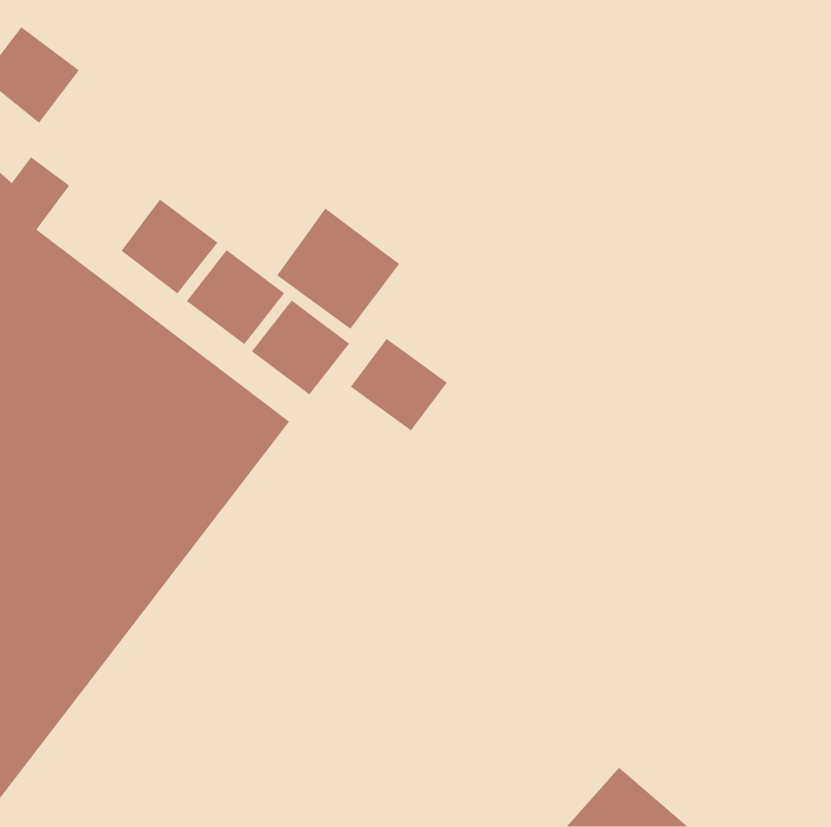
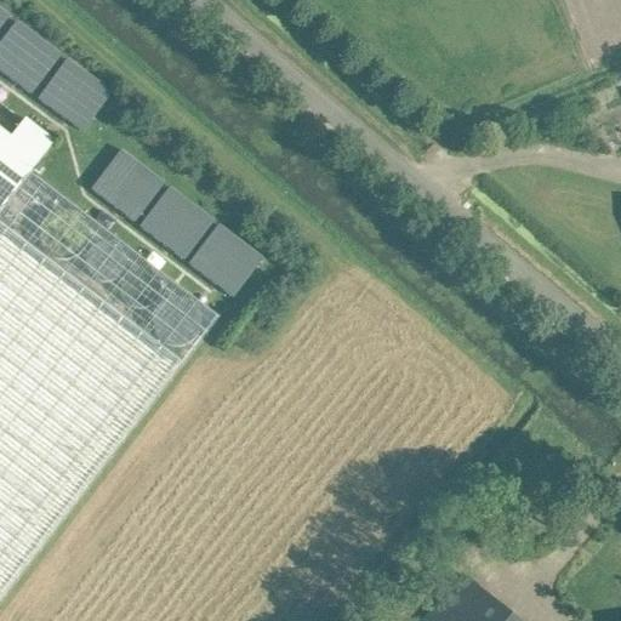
building: none -> [36,57,110,130]
building: [276,208,400,330] -> none
building: [350,338,448,431] -> none

